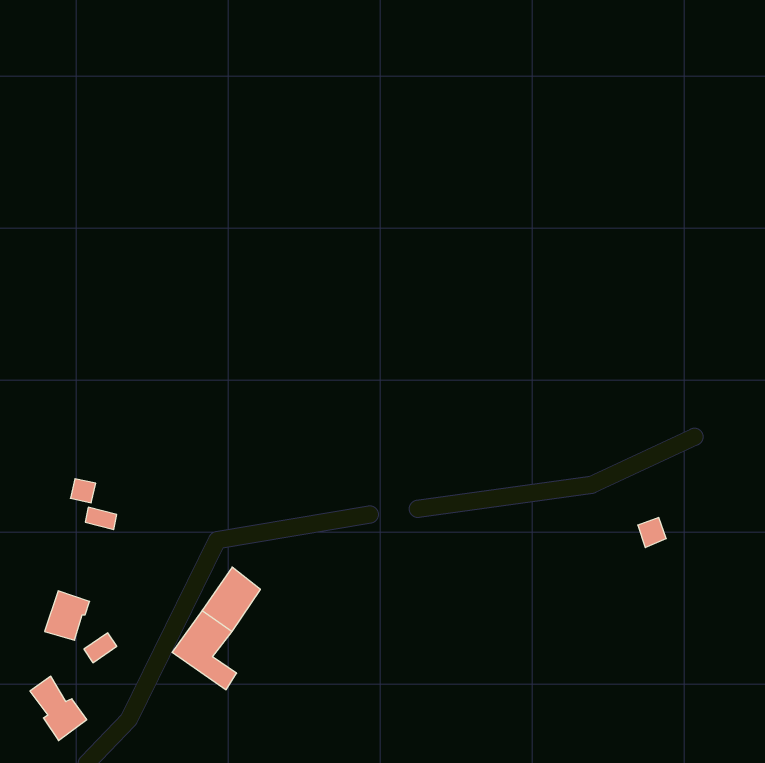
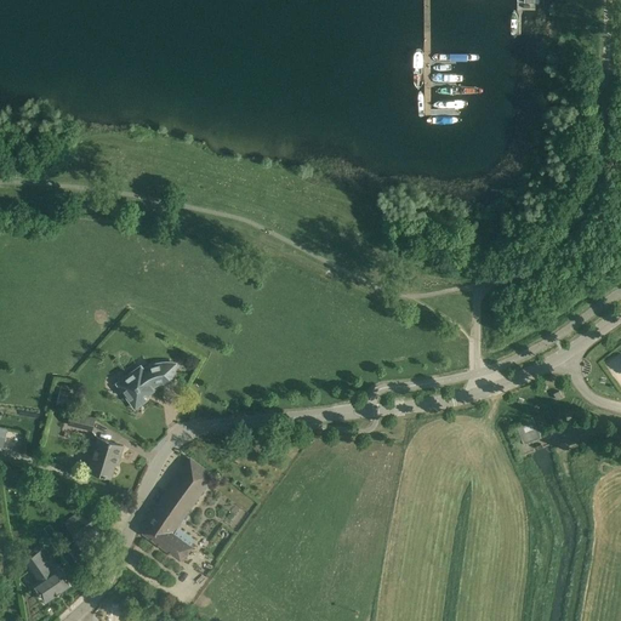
building: none -> [121,361,176,408]
building: [45,591,90,640] -> [87,437,124,477]

